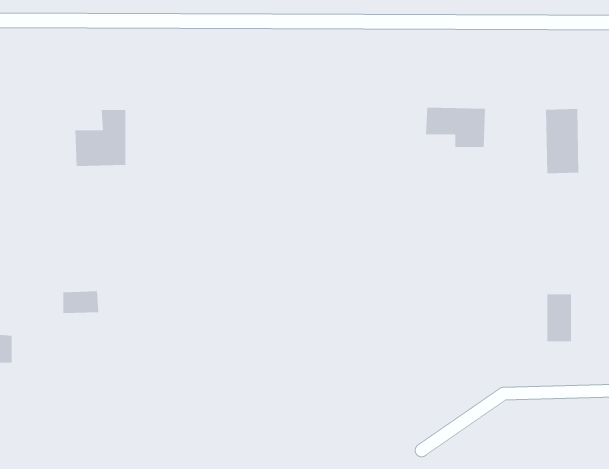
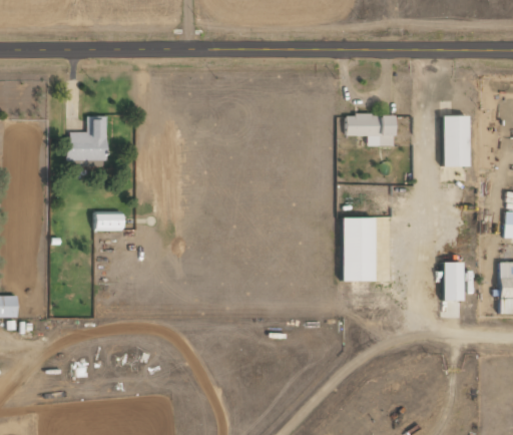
building: none -> [342,218,375,282]
building: [62,291,99,314] -> [95,213,124,232]

